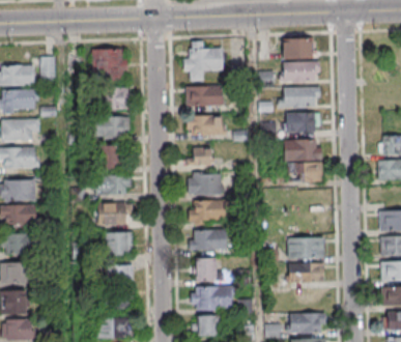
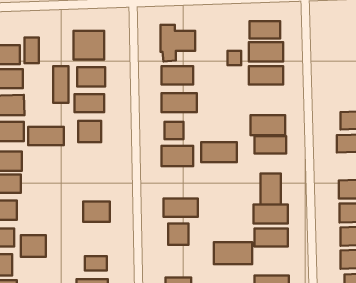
building: none -> [53,66,69,103]
building: [286,113,319,132] -> none
building: [92,175,131,195] -> [28,127,64,145]
building: [190,201,228,223] -> [201,142,237,162]
building: none -> [260,174,281,204]
building: [97,204,126,225] -> none
building: [112,264,134,284] -> none
building: none -> [21,235,46,257]
building: [192,286,233,310] -> [214,242,252,264]

